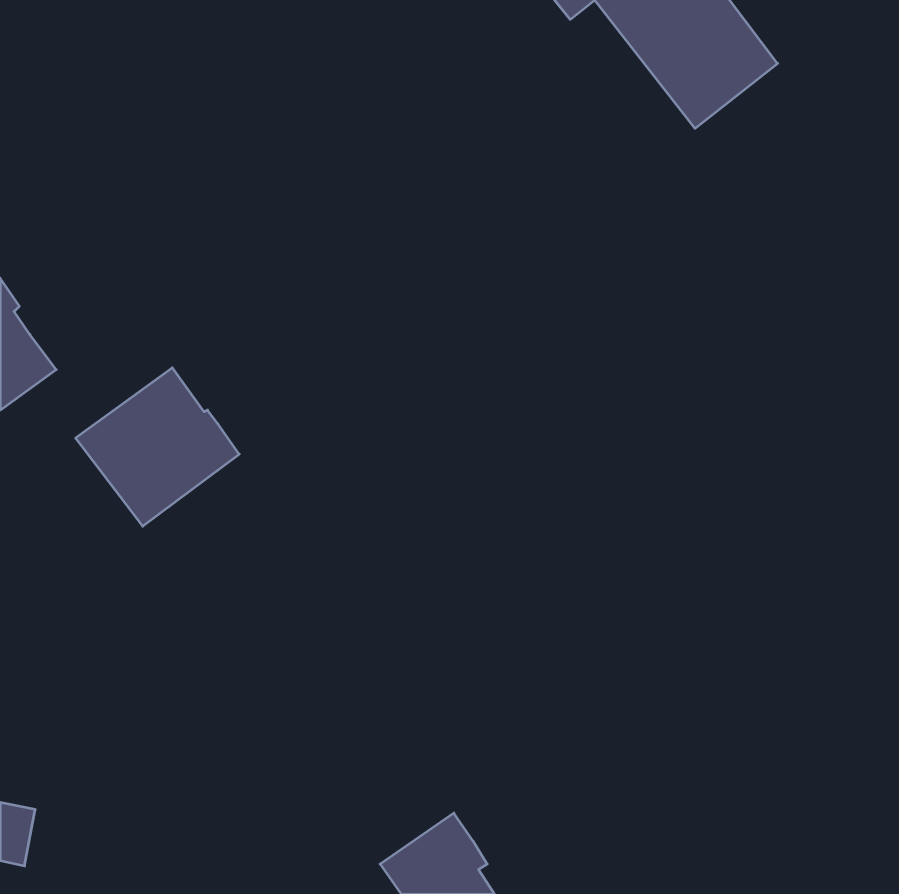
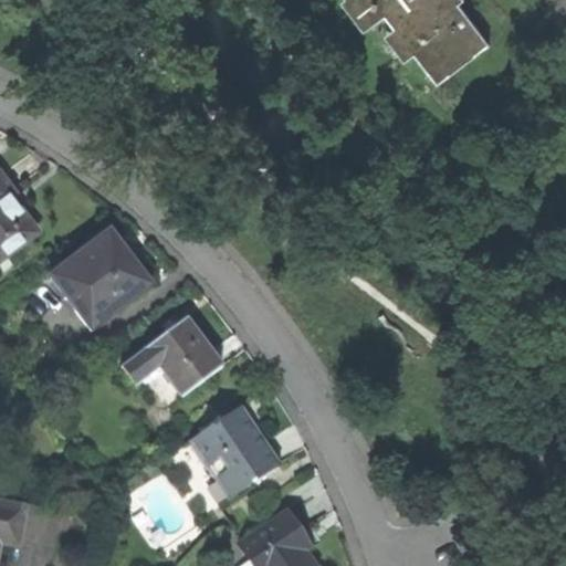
building: none -> [144,318,221,398]
building: none -> [188,406,280,499]

